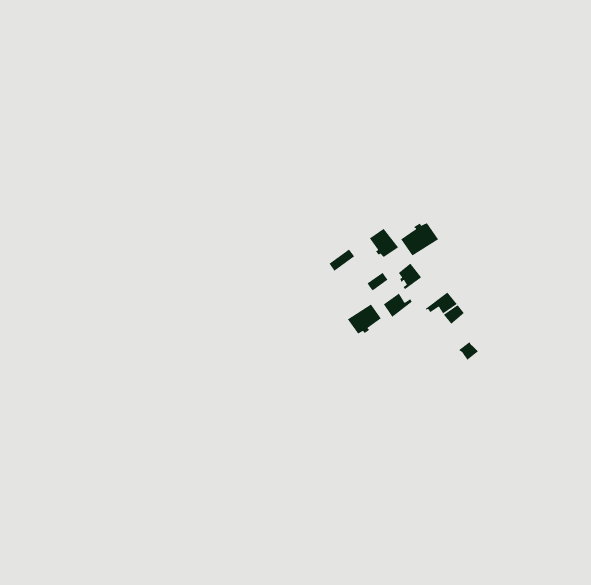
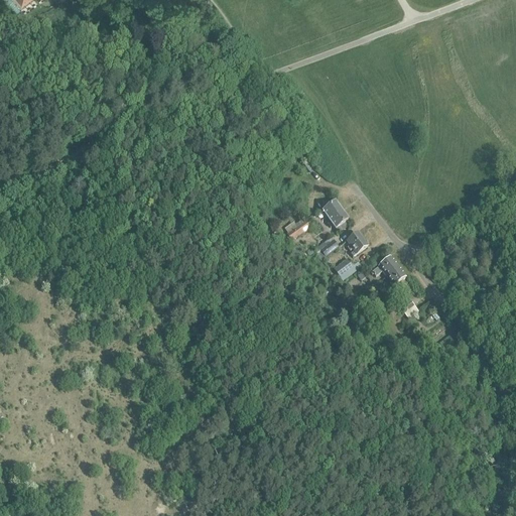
building: [400,222,439,257] -> none
building: [347,303,382,334] -> none

